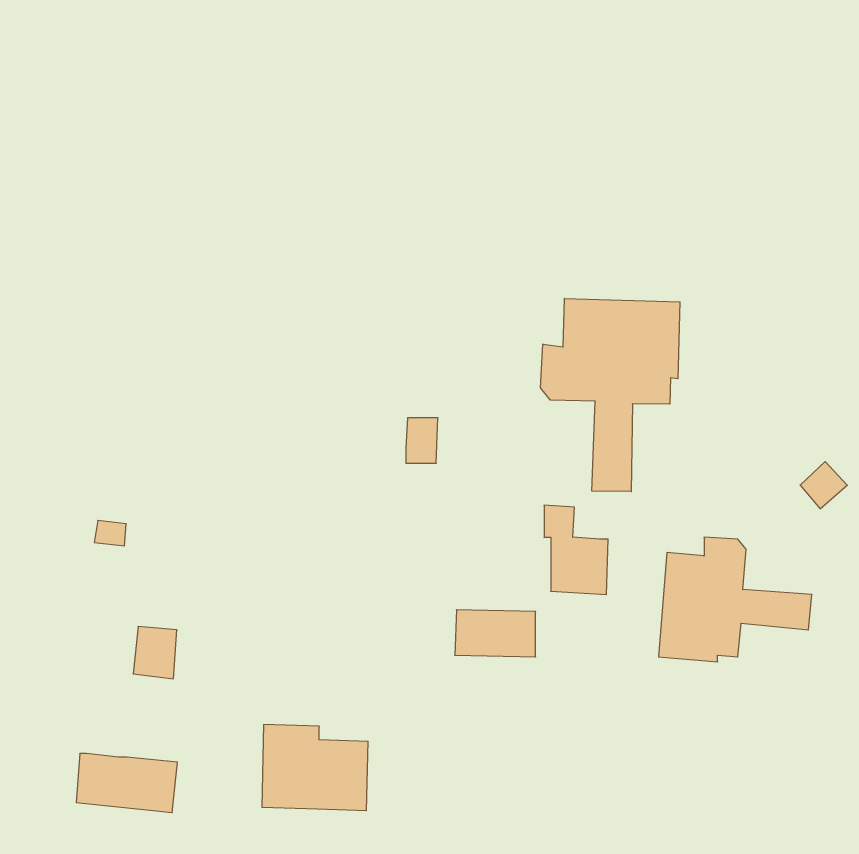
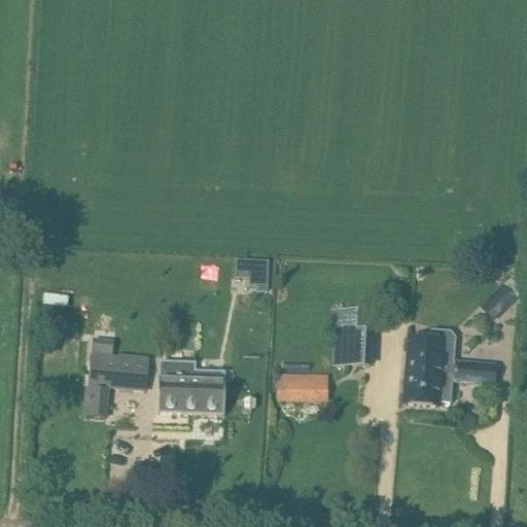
building: [541,298,680,492] -> none
building: [262,725,368,811] -> [160,361,224,414]
building: [76,754,177,813] -> [87,351,149,387]

